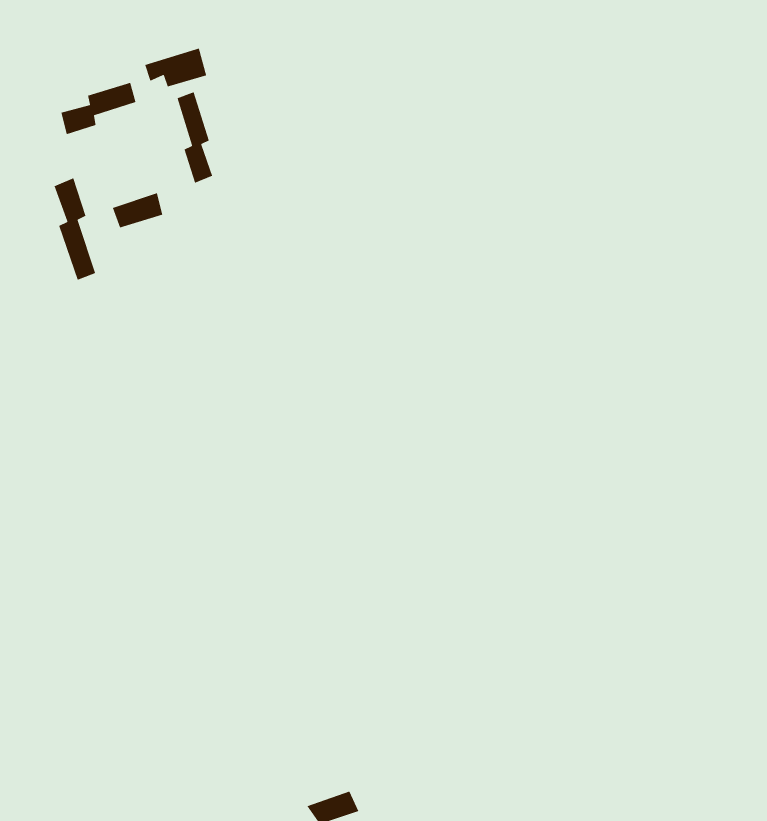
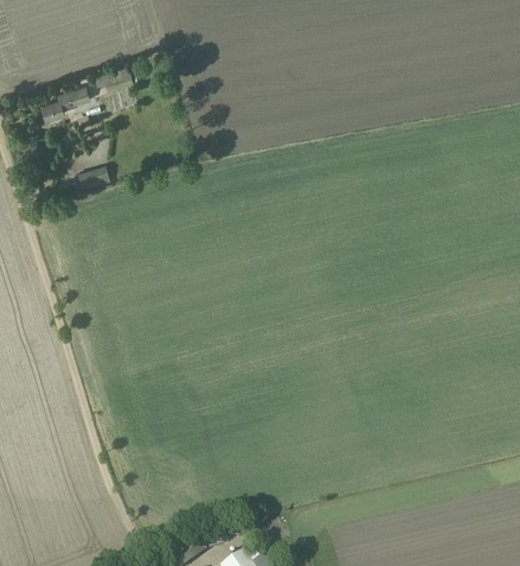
building: [177,91,213,184] -> none
building: [53,177,96,281] -> none

